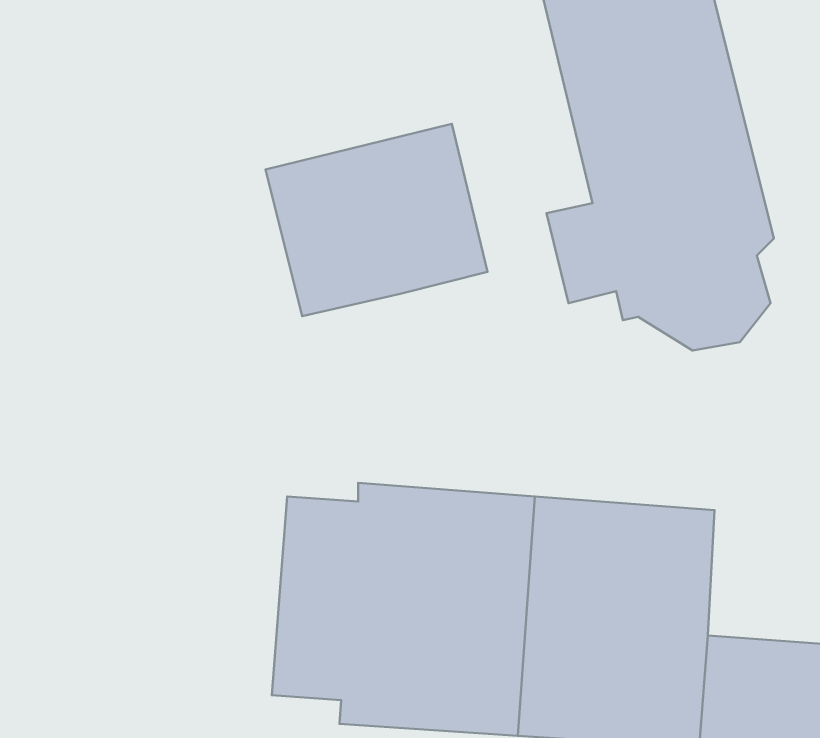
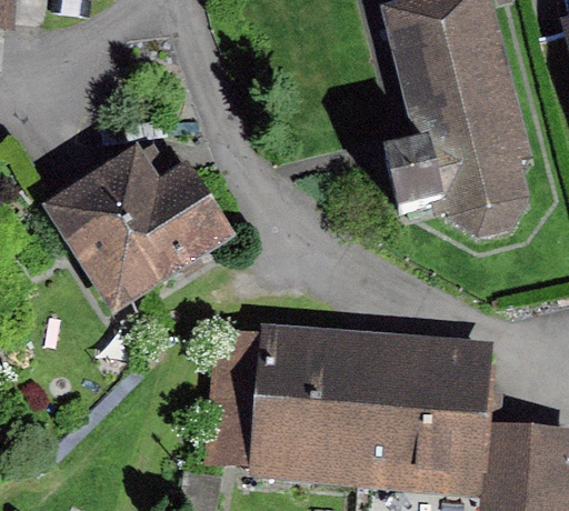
building: [265,124,488,316] -> none
building: none -> [44,141,232,310]

